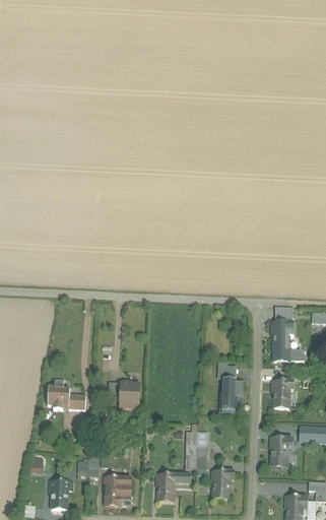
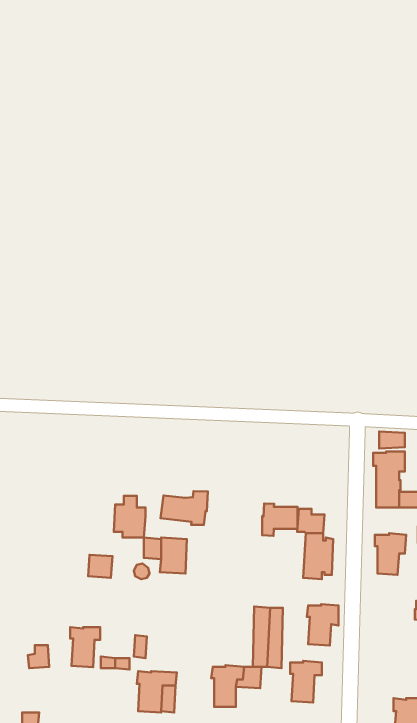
building: none -> [161,491,208,525]
building: none -> [262,503,298,536]
building: [47,380,69,409] -> [114,496,145,538]
building: [269,437,291,466] -> [307,604,338,646]
building: [50,480,71,509] -> [70,627,100,667]

